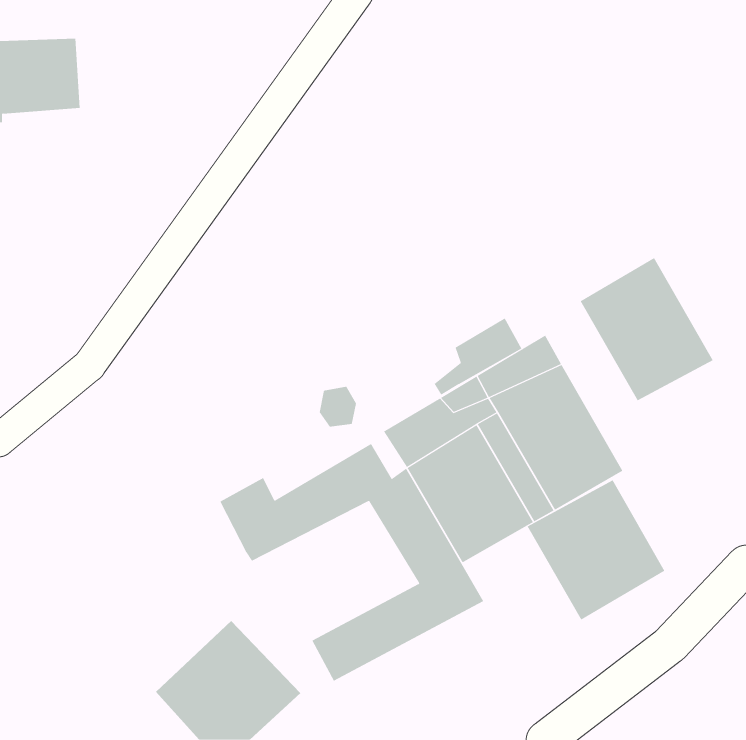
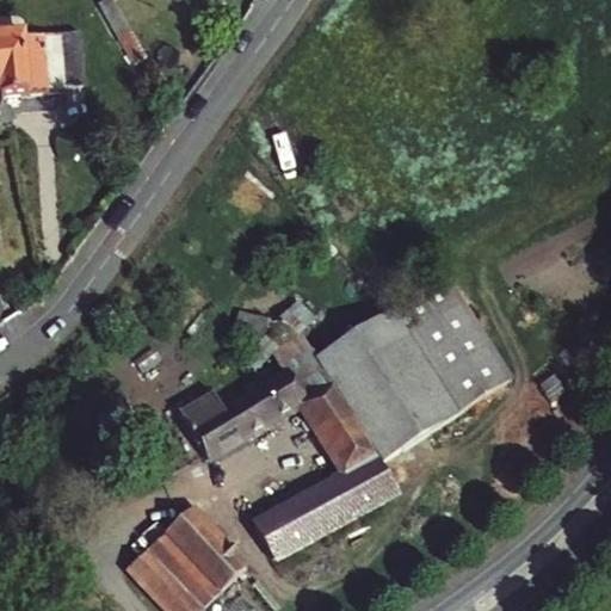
building: [580,257,714,401] -> none
building: [434,317,522,396] -> none
building: [527,480,665,620] -> none

